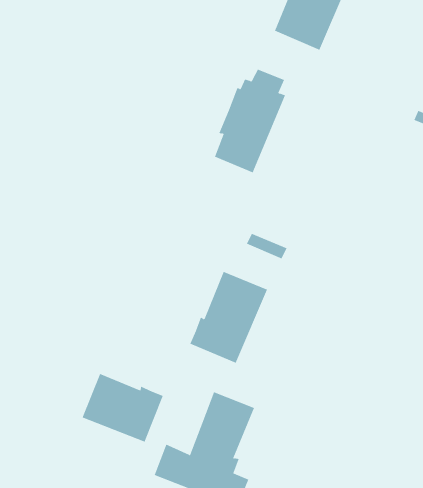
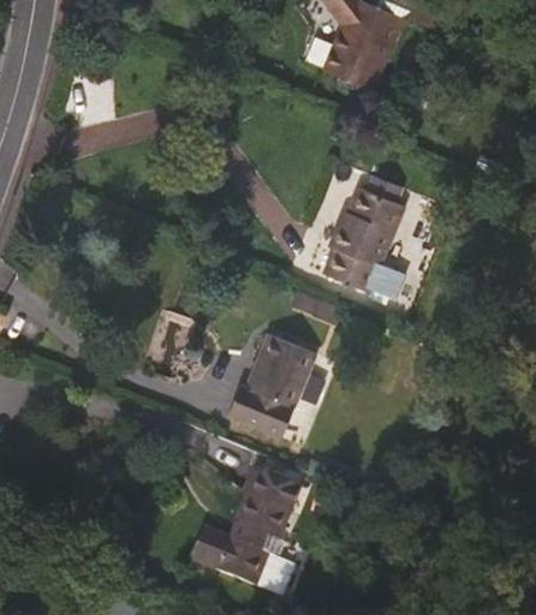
building: [214,69,286,173] -> [324,175,404,291]
building: [82,373,164,443] -> none

